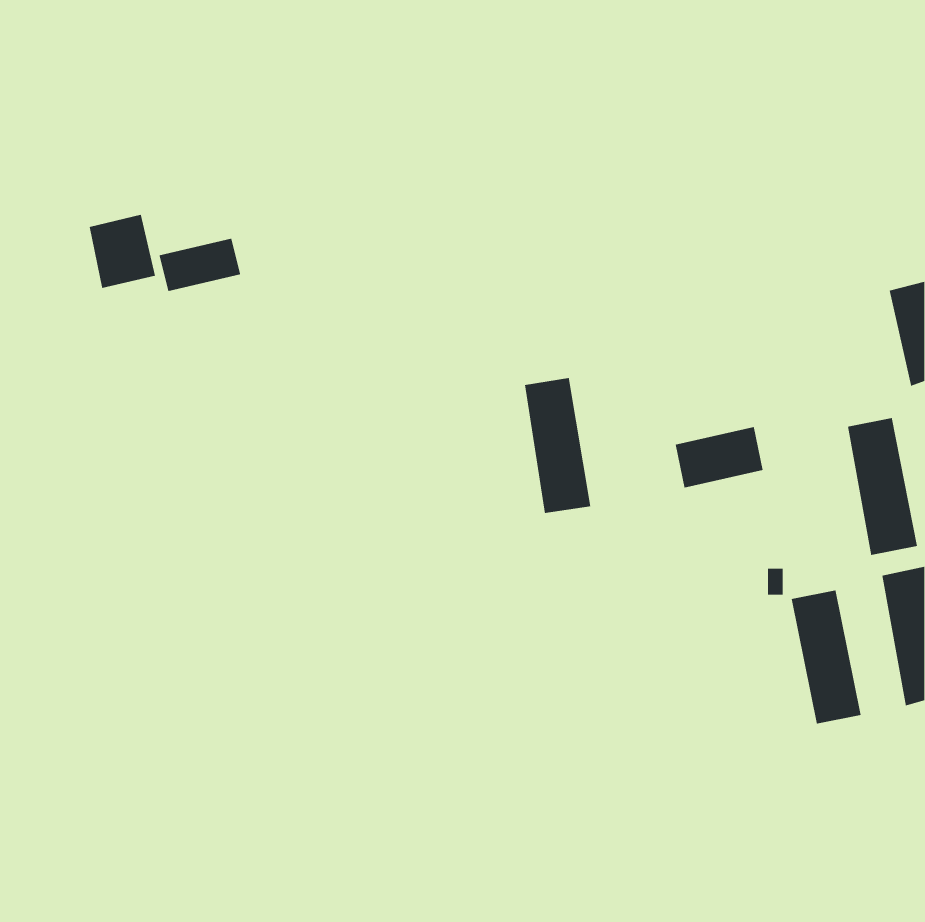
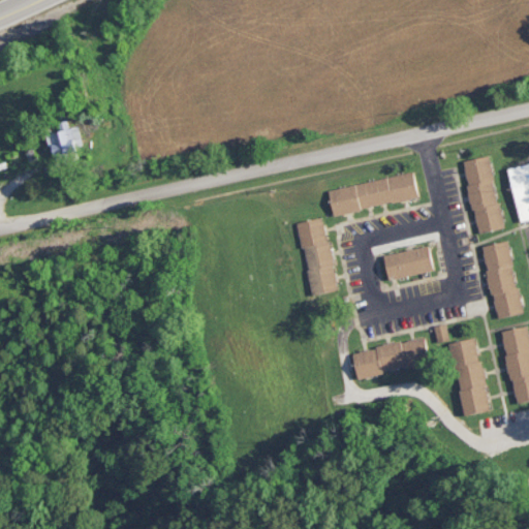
building: [159,238,241,292] -> none
building: none -> [464,156,503,234]
building: none -> [329,174,419,215]
building: none -> [353,338,431,378]

